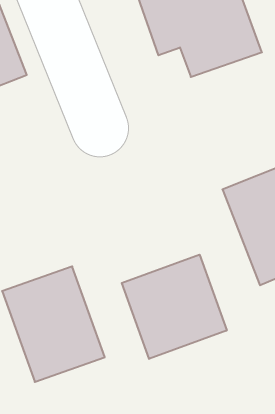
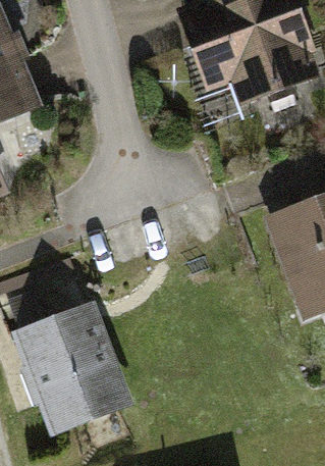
building: [122,255,227,359] -> none

